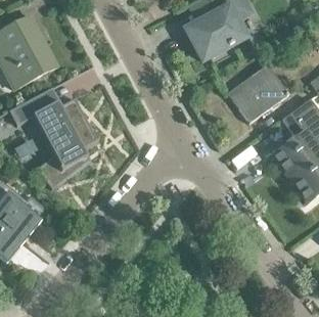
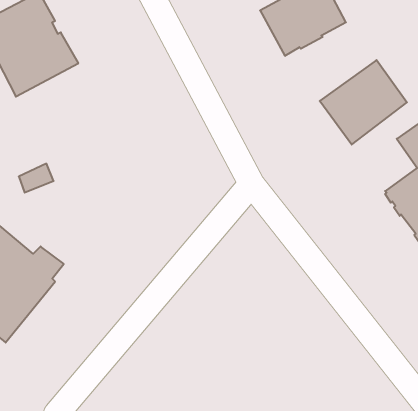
building: [9,95,96,188] -> none

